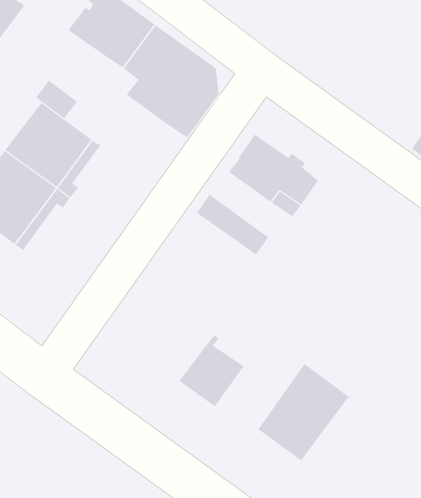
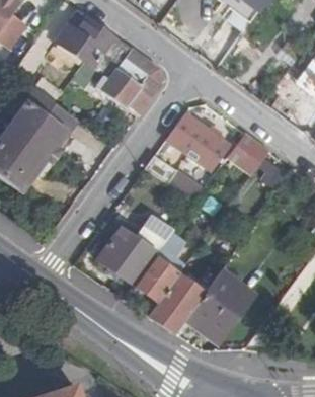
building: none -> [227,133,269,175]
building: none -> [96,215,173,285]
building: none -> [148,274,205,334]

